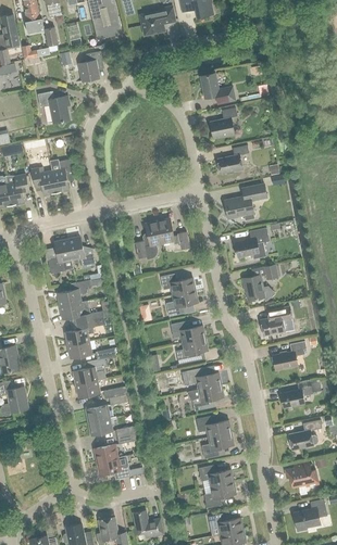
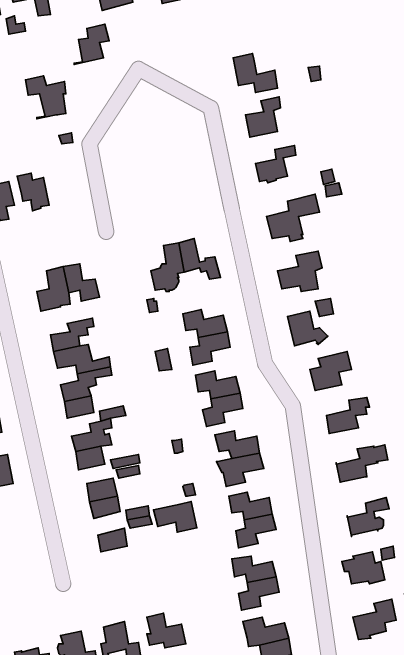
building: [49,157,72,191] -> none
building: [96,455,129,479] -> [154,501,197,532]

